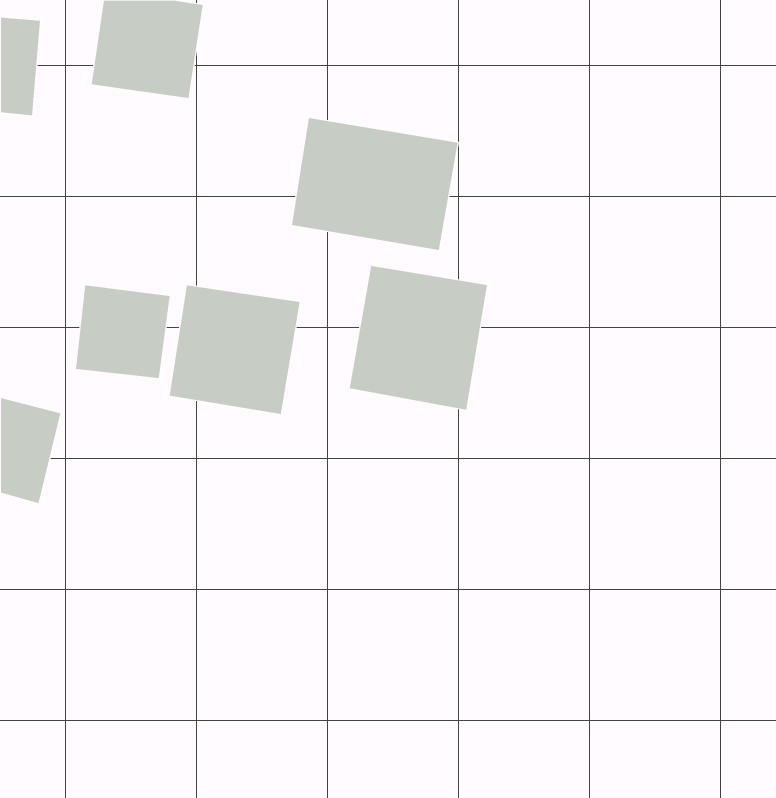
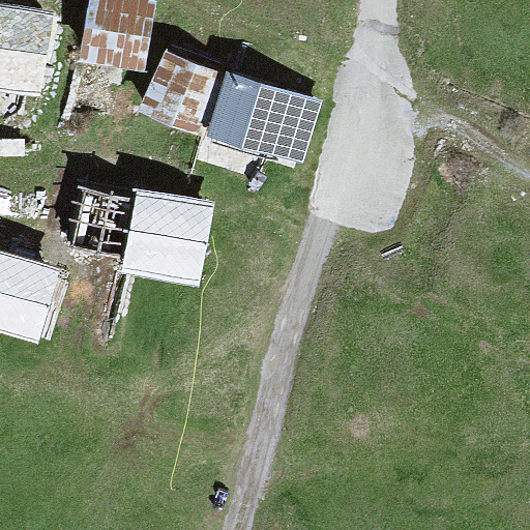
building: none -> [141,55,217,130]
building: [349,265,488,410] -> none

